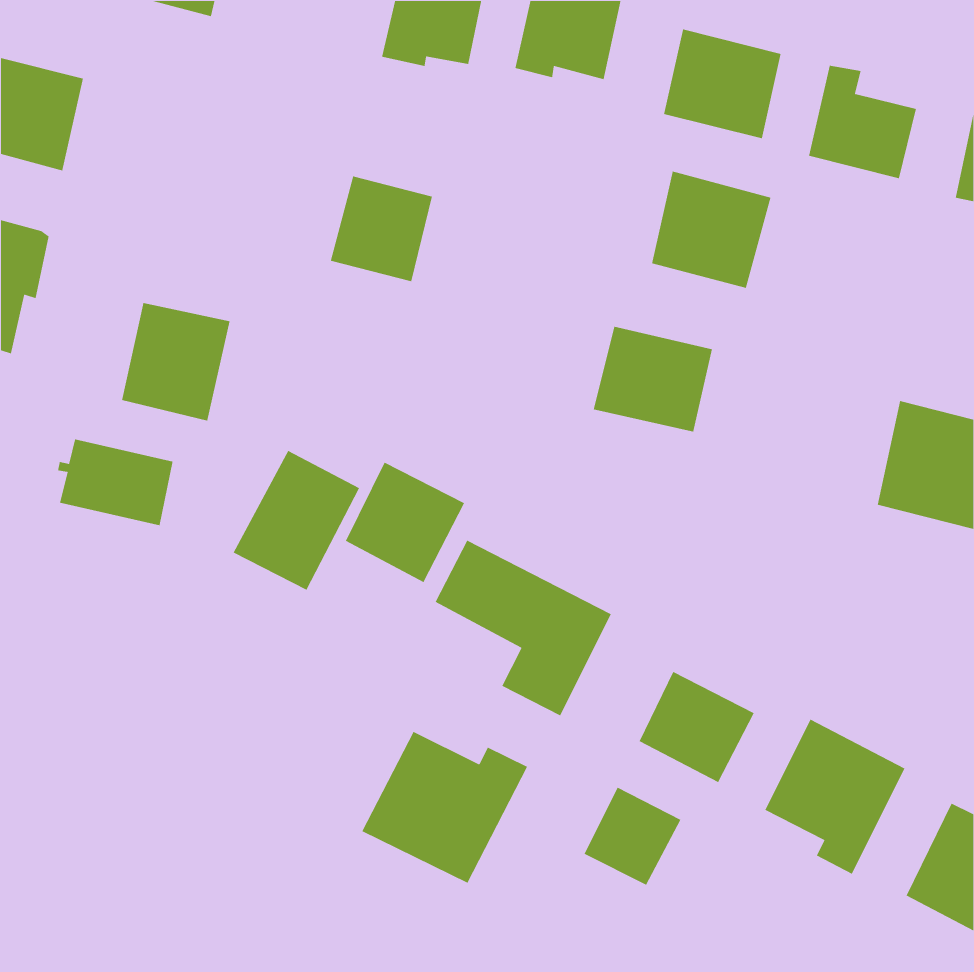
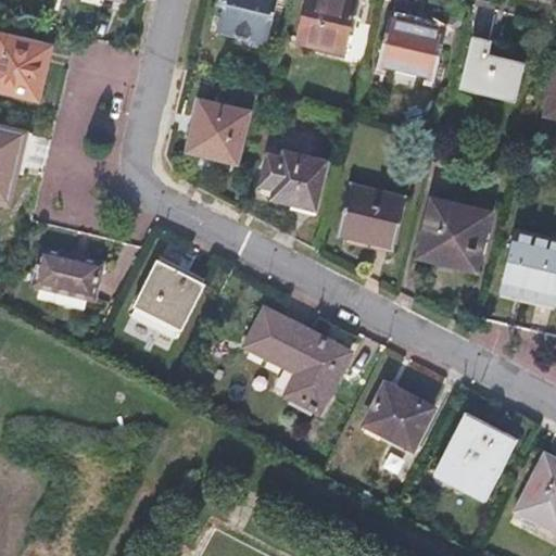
building: [651,171,771,289] -> [421,201,490,268]
building: none -> [260,151,324,207]
building: [121,302,230,421] -> none
building: [345,462,465,583] -> none
building: [361,731,528,884] -> none
building: [584,787,681,886] -> none

